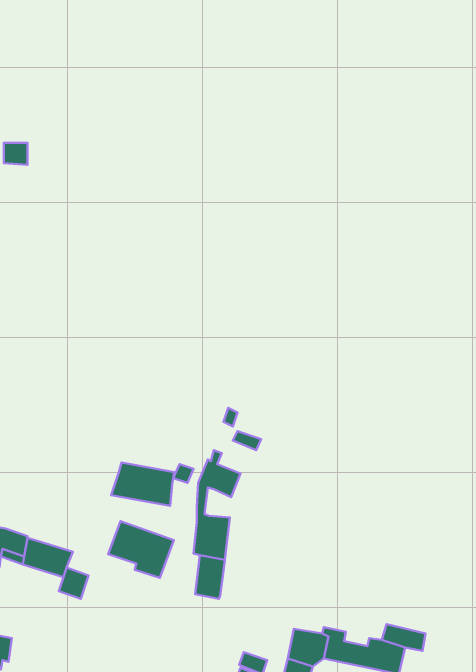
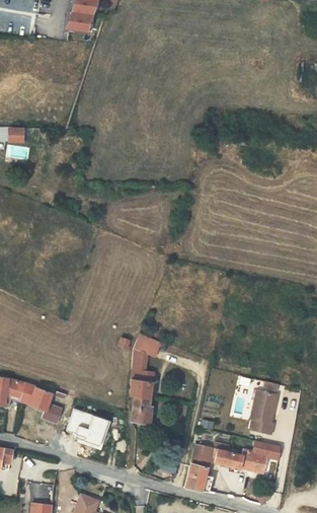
building: [111,462,174,506] -> none
building: [108,521,174,578] -> [68,410,110,446]
building: none -> [250,391,276,434]

